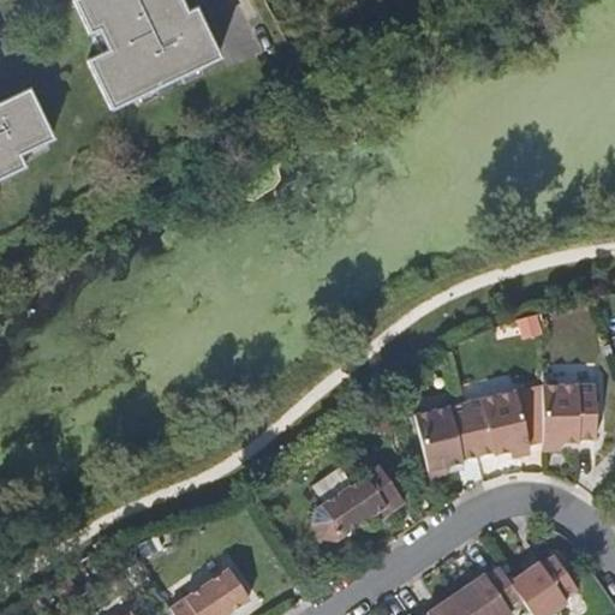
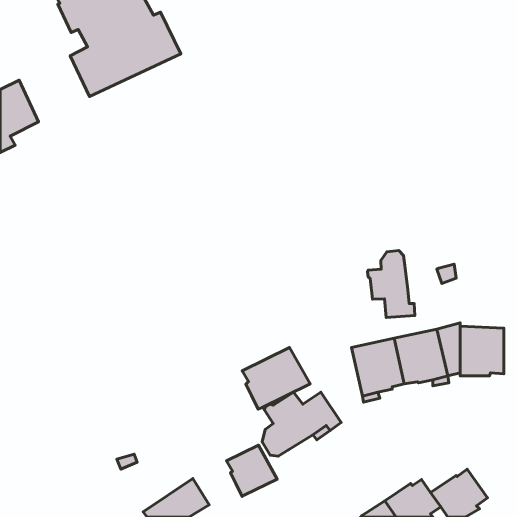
building: none -> [367,251,415,318]
building: none -> [242,347,310,409]
building: none -> [227,445,277,496]

